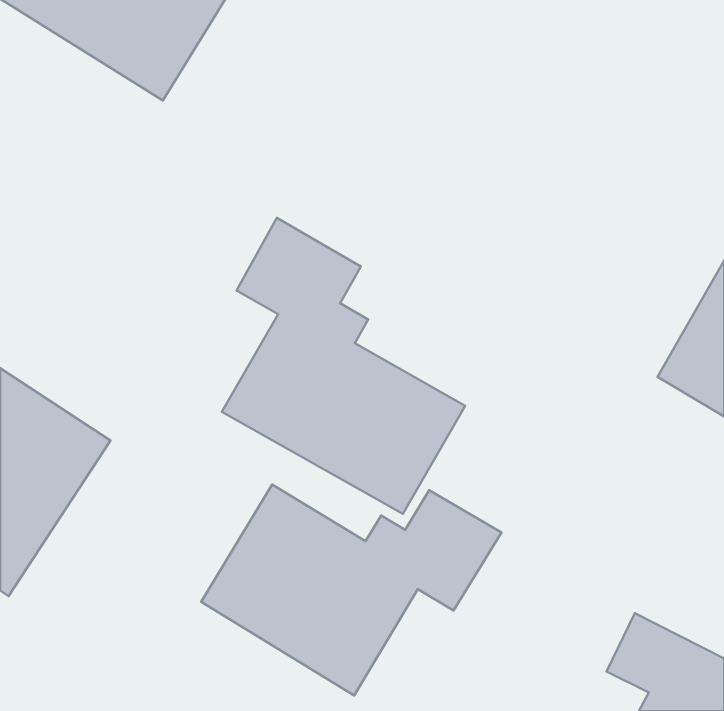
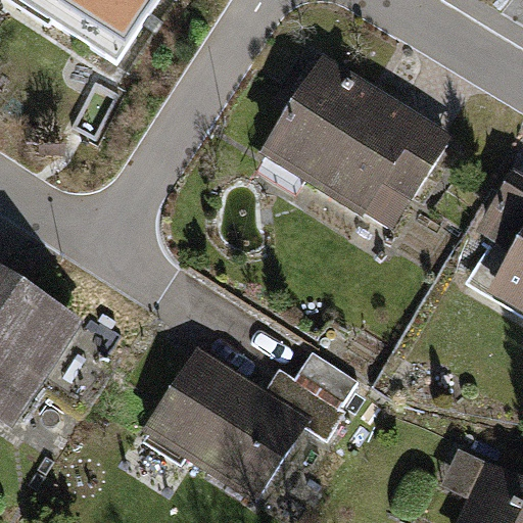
building: none -> [258,54,450,231]
building: [222,218,465,514] -> none

